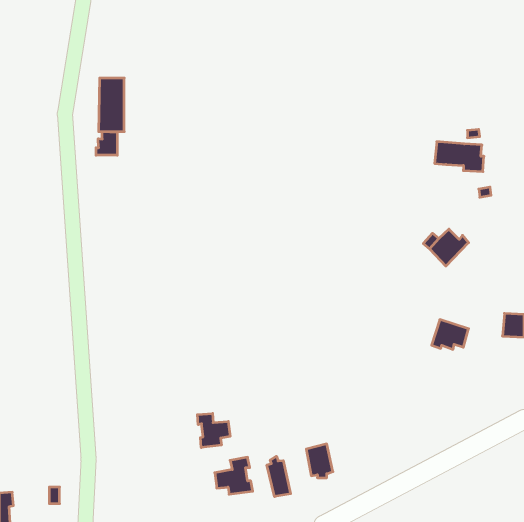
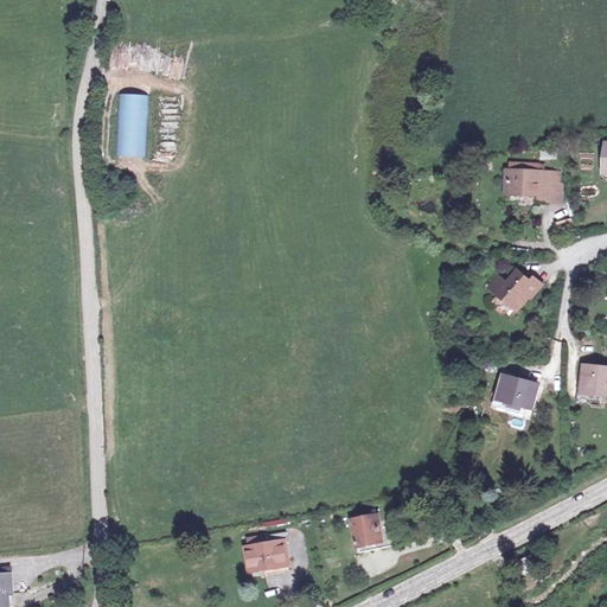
building: [96,132,117,155] -> none
building: [197,413,230,448] -> none
building: [267,456,291,497] -> none

